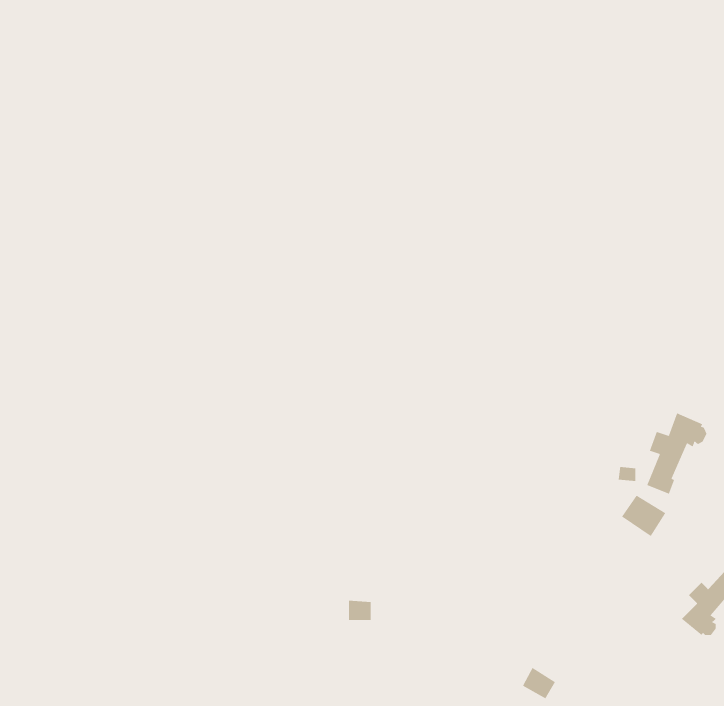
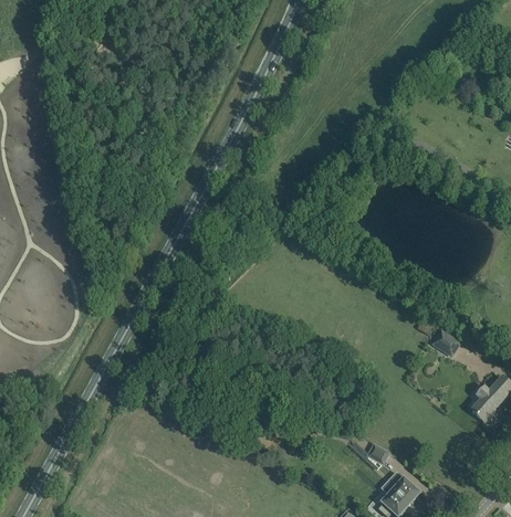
building: [647,412,707,495] -> none

